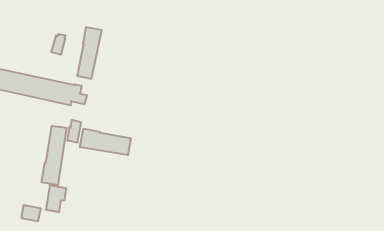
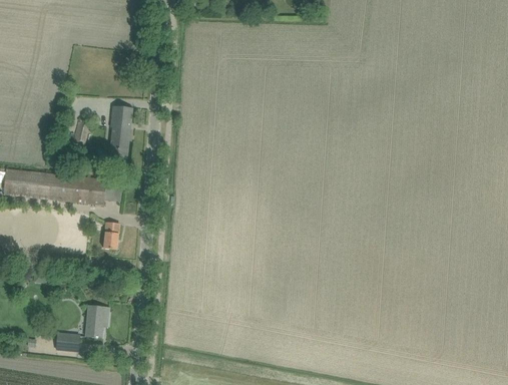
building: [42,126,67,185] -> none
building: [80,129,131,155] -> none

